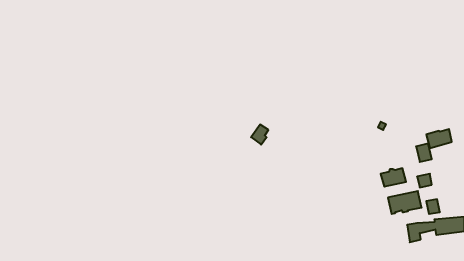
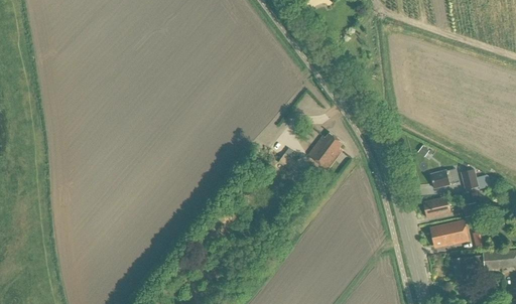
building: none -> [306,132,343,170]
building: [426,129,452,148] -> [430,167,459,188]

